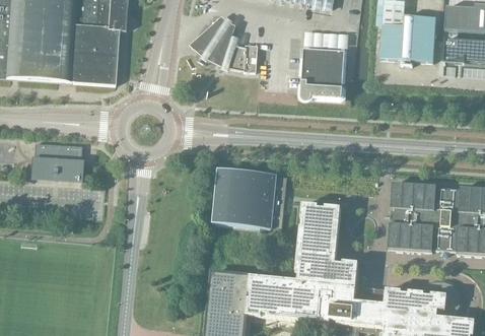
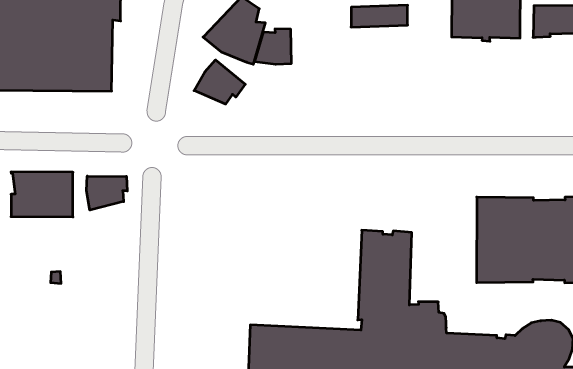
building: [300,48,345,100] -> none
building: none -> [194,60,245,104]
building: none -> [86,176,127,210]
building: [215,169,287,228] -> none

